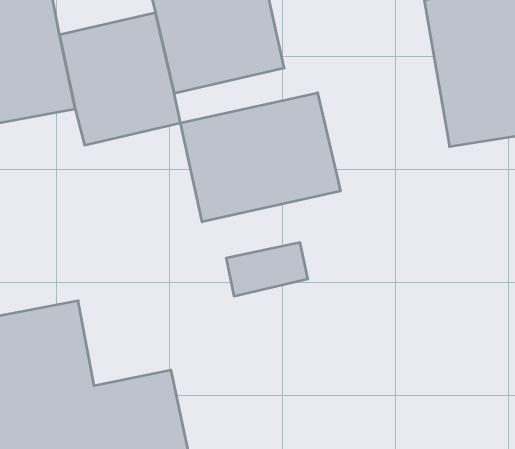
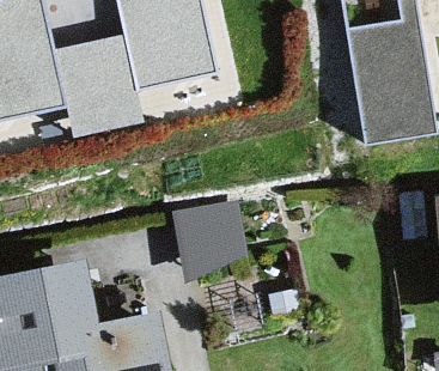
building: [181,93,340,222] -> none

